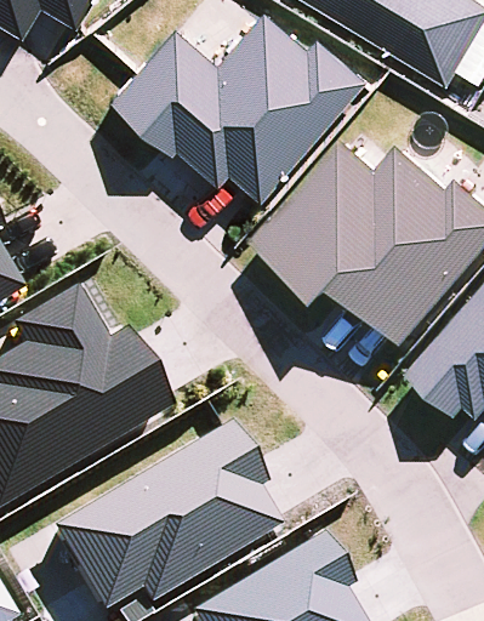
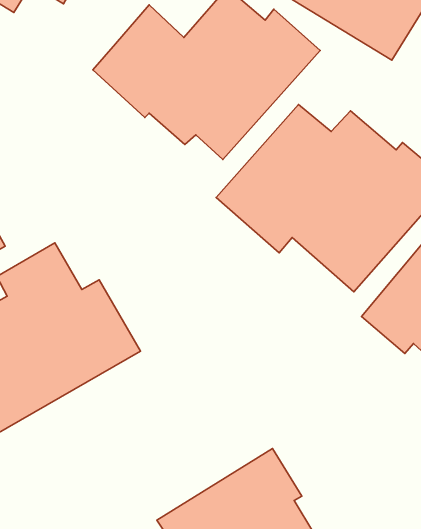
building: [45,432,275,606] -> none

